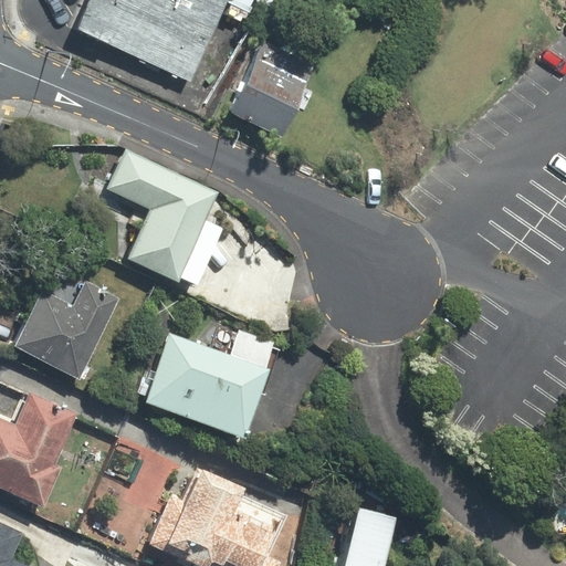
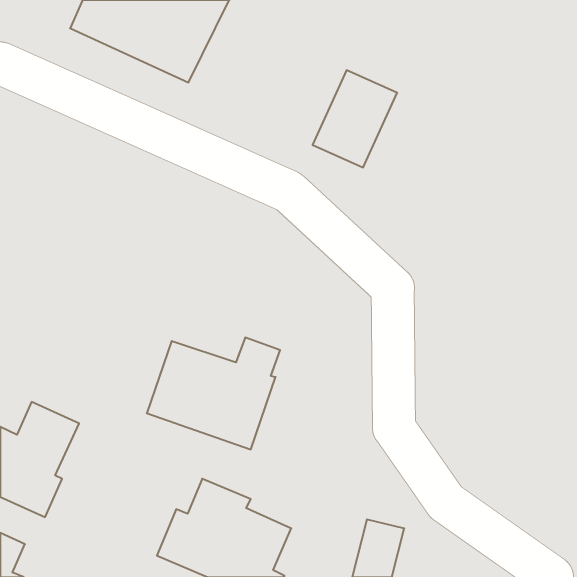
building: [223,40,306,135] -> [313,70,397,167]
building: [108,150,220,284] -> none
building: [15,282,119,378] -> none

